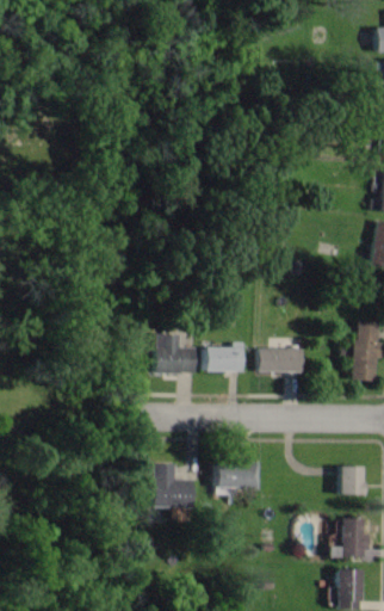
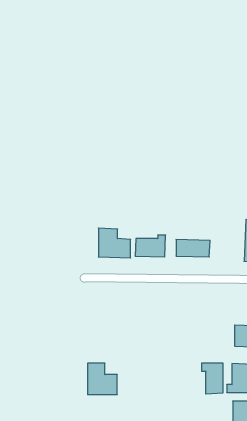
building: [216,463,260,492] -> none
building: [153,464,193,507] -> [88,363,117,395]
building: none -> [202,363,223,394]

